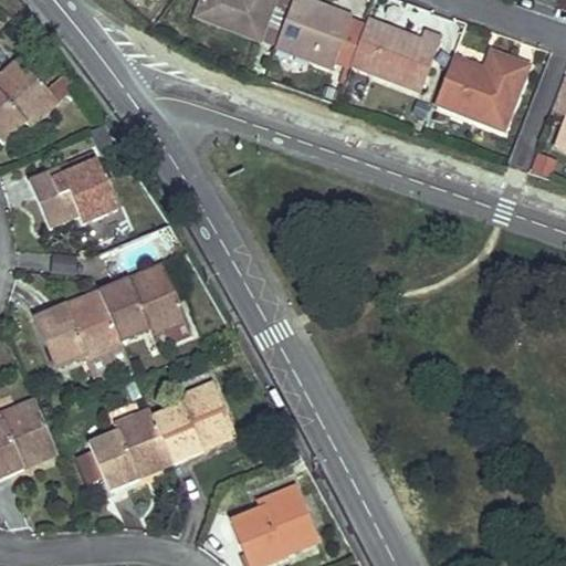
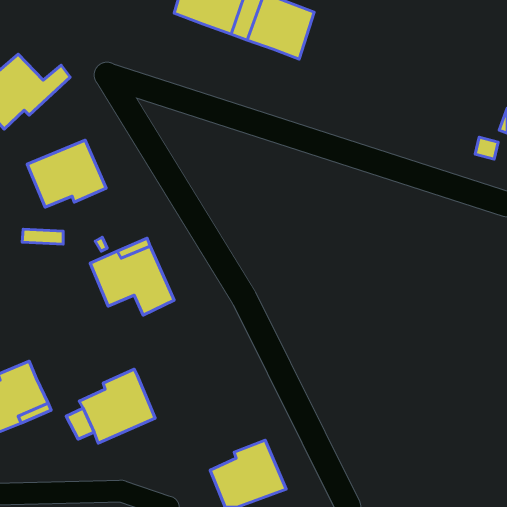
building: [347,17,439,88] -> none
building: [431,49,525,128] -> none
building: [36,291,129,378] -> none
building: [151,380,235,462] -> none

